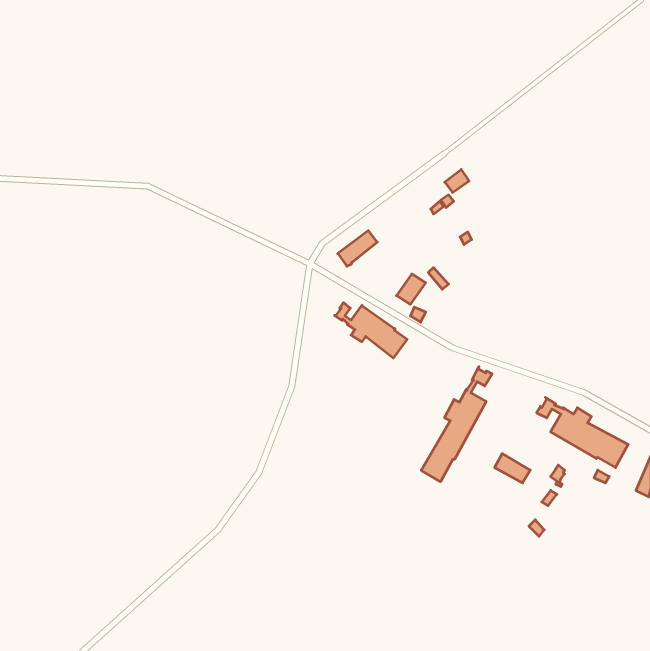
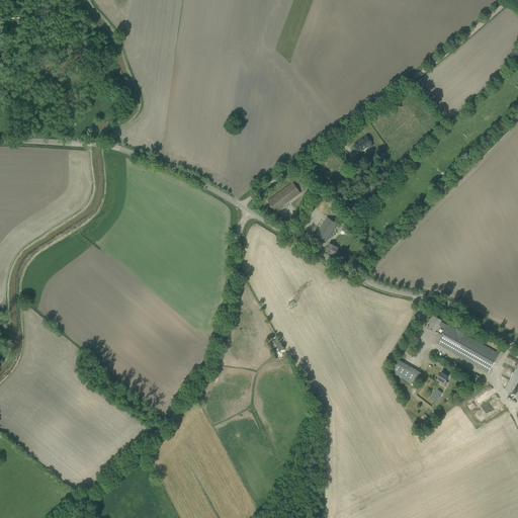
building: [335,303,407,358] -> none
building: [421,367,492,482] -> none

